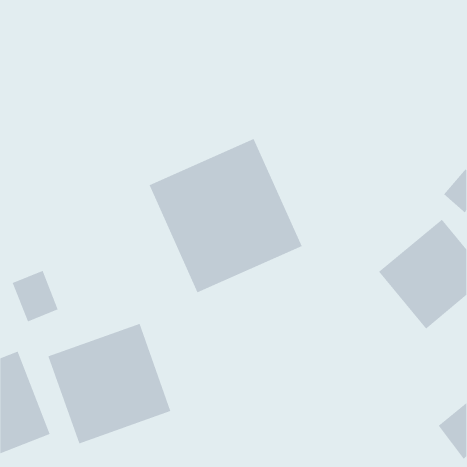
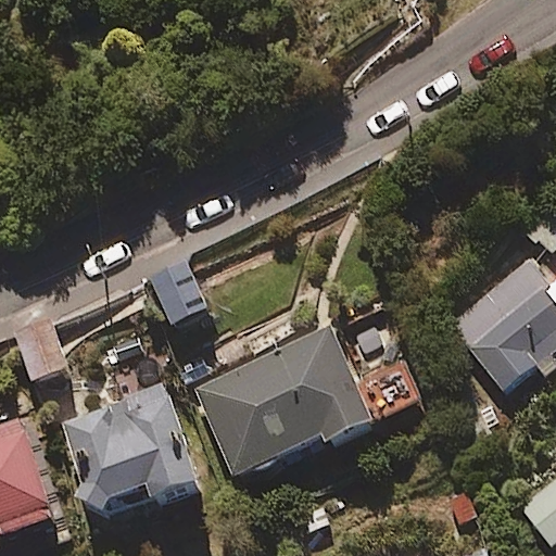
building: [149,138,303,293] -> none
building: none -> [193,324,376,477]

